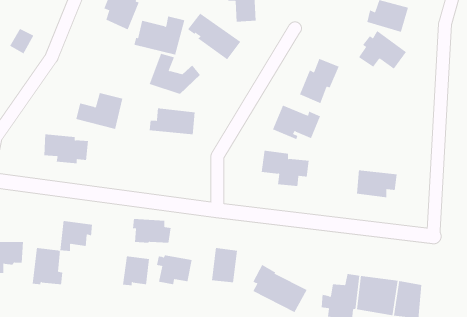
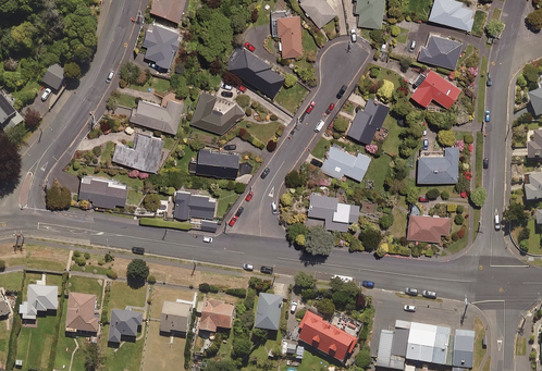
building: [133,16,185,55] -> [130,90,184,132]
building: none -> [418,146,458,183]
building: [132,218,171,243] -> [173,191,214,218]
building: [60,220,93,252] -> [109,311,144,344]

